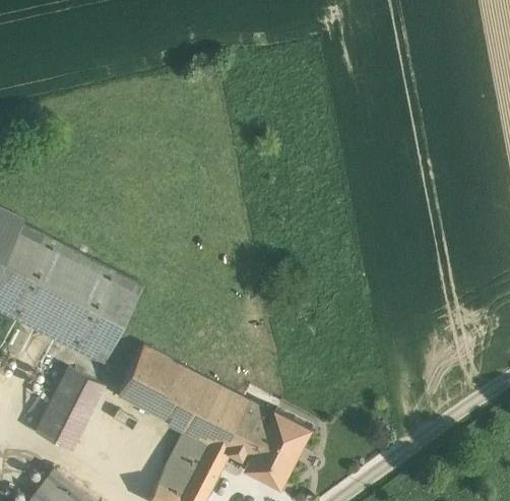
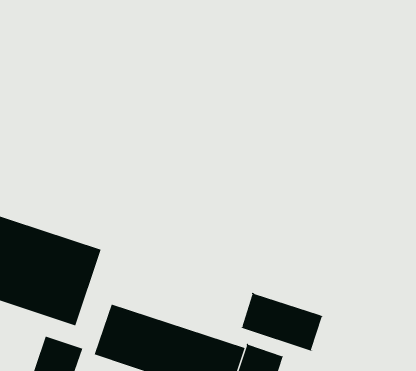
building: none -> [241,292,324,352]

